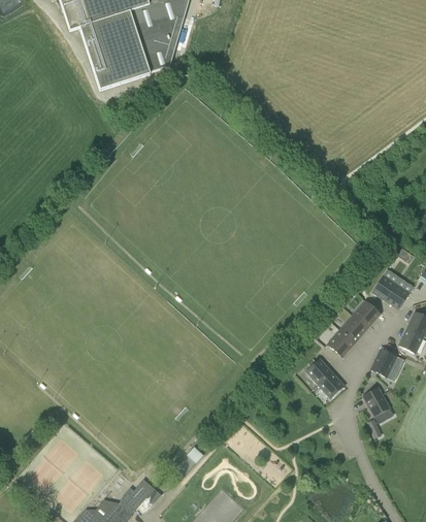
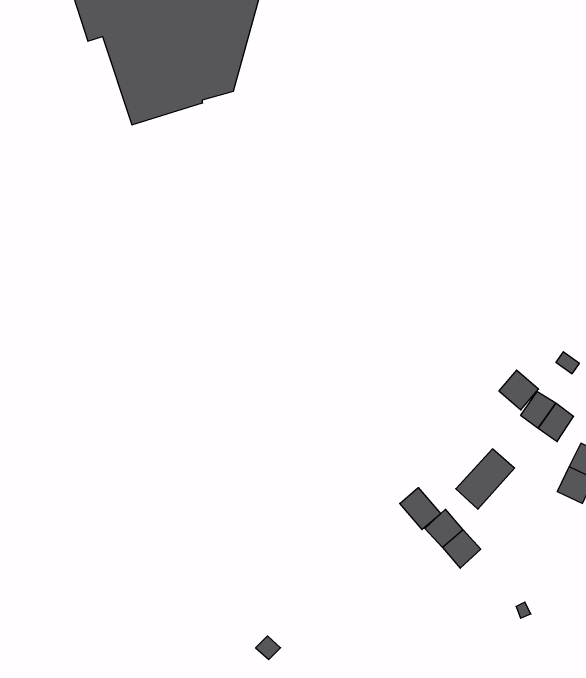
building: [352,300,380,328] -> [499,370,539,410]
building: none -> [400,488,441,530]
building: [369,348,396,377] -> none
building: [361,386,389,417] -> none

